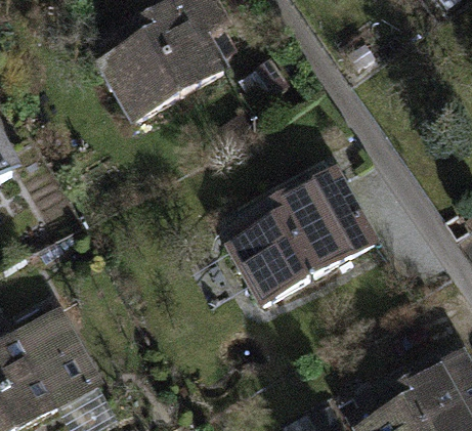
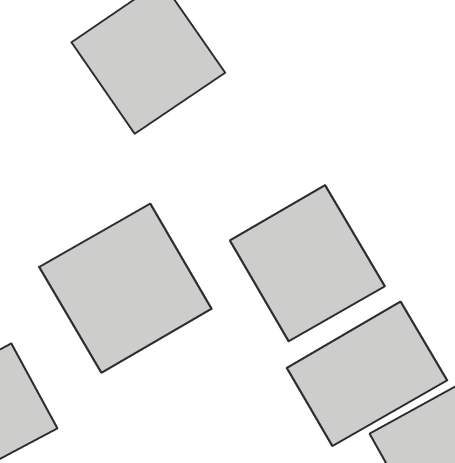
building: none -> [39,204,212,373]
building: none -> [287,302,447,446]

